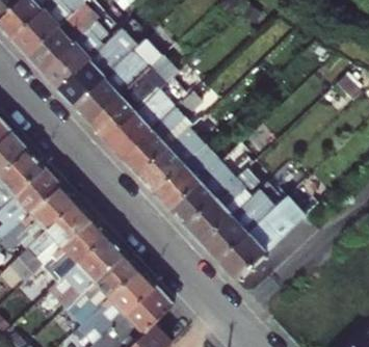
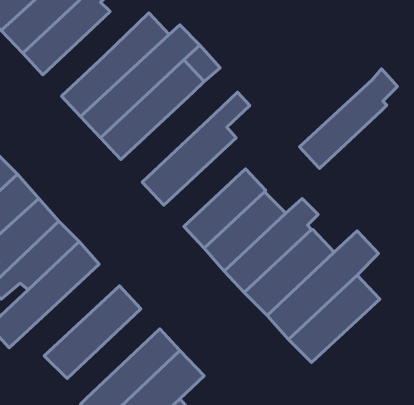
building: [44,19,110,88] -> none
building: [104,85,177,155] -> none
building: [137,112,213,189] -> [299,69,398,168]
building: [16,218,103,295] -> none
building: [62,252,134,322] -> none

